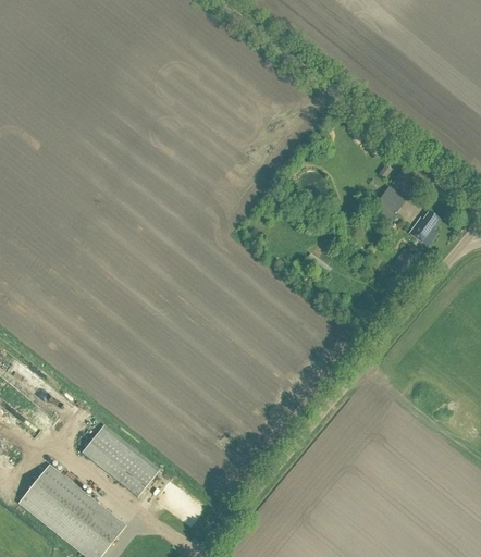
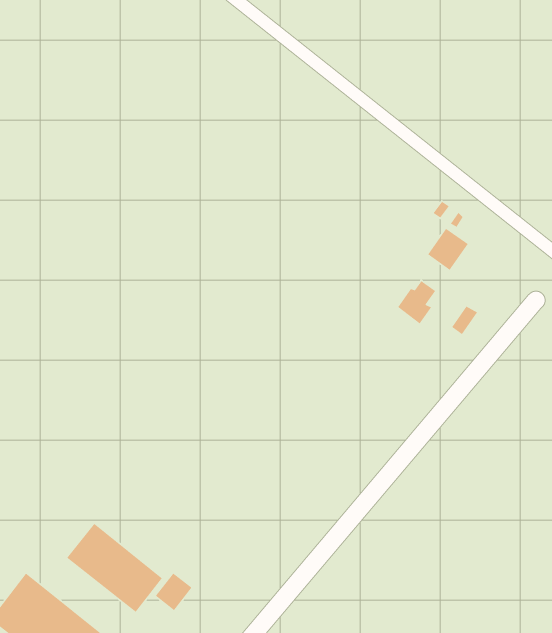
building: [409,211,441,247] -> [397,280,436,325]
building: none -> [155,572,193,611]

